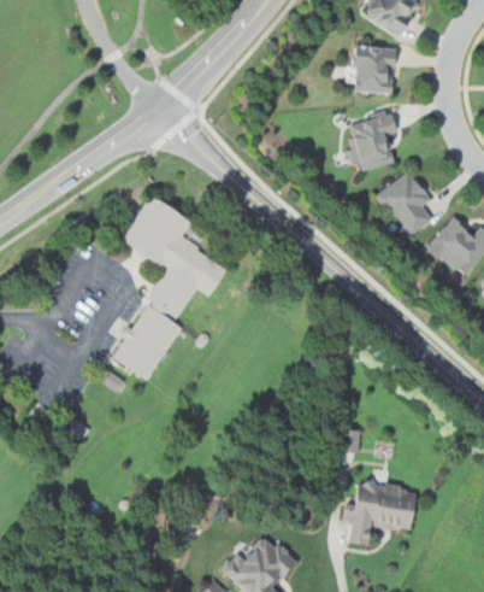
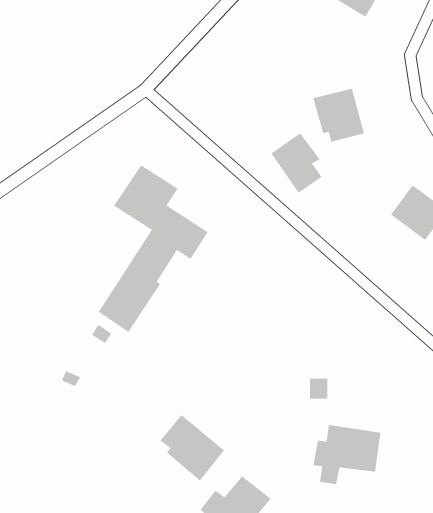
building: [352,46,395,93] -> none
building: [377,171,433,238] -> [271,133,323,193]
building: none -> [160,414,225,482]

